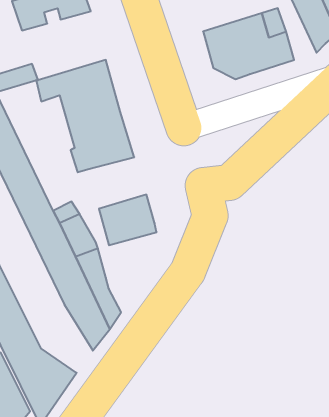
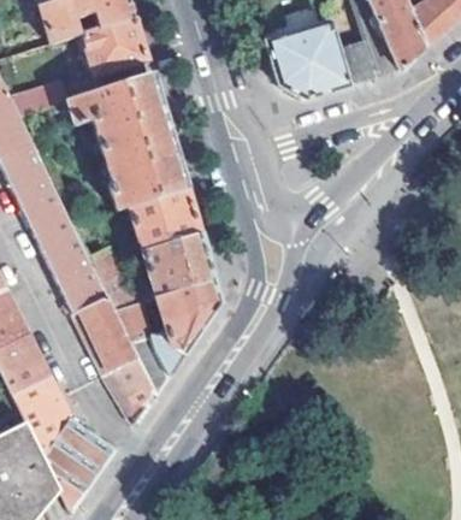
building: none -> [79,18,143,75]
building: none -> [128,191,197,253]
building: none -> [149,280,217,376]

